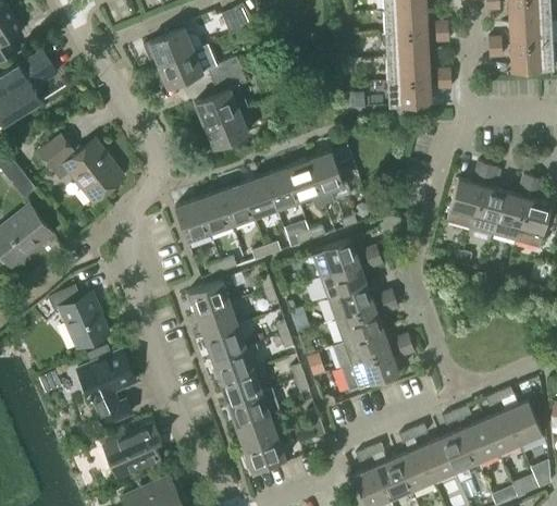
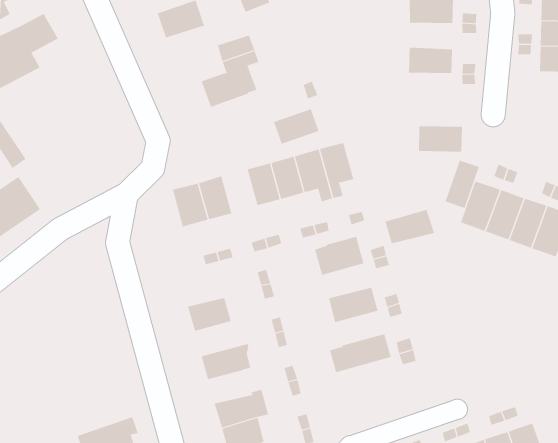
building: [385,34,428,59] -> none
building: [158,52,202,88] -> none
building: [387,81,430,107] -> [418,126,463,152]
building: [205,113,248,149] -> [273,108,319,145]
building: [38,134,125,203] -> none
building: none -> [445,160,480,209]
building: [220,184,255,226] -> none
building: [320,264,368,299] -> [385,209,435,244]
building: [187,281,233,317] -> none
building: [47,286,110,349] -> none
building: [335,308,383,343] -> none
building: [205,328,246,362] -> none
building: [76,350,136,427] -> none
building: [339,350,399,393] -> none
building: [220,372,262,406] -> none

